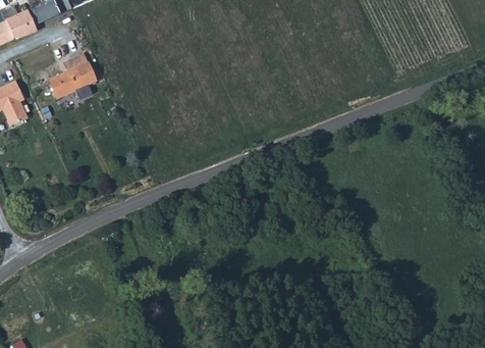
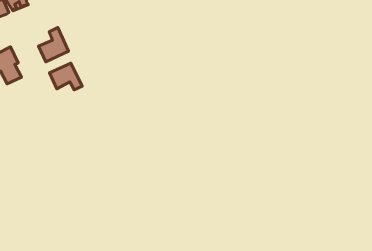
building: none -> [49,63,82,90]

